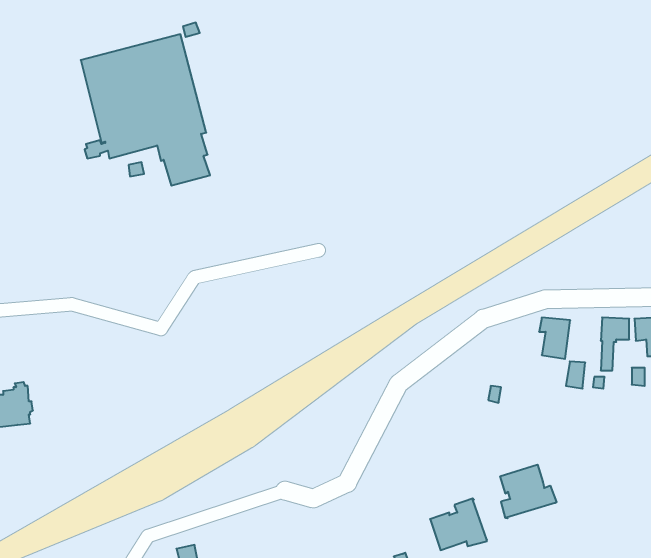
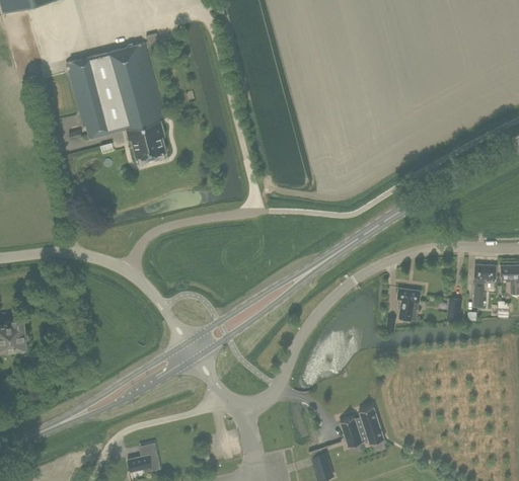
building: [539,318,570,359] -> [396,289,421,321]
building: [500,465,557,518] -> none

